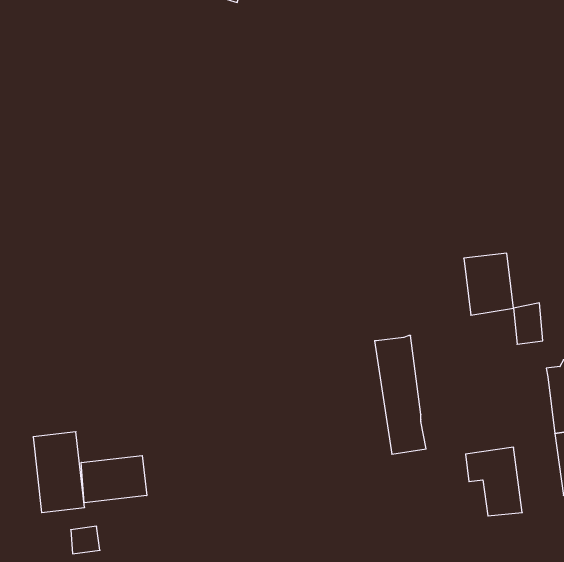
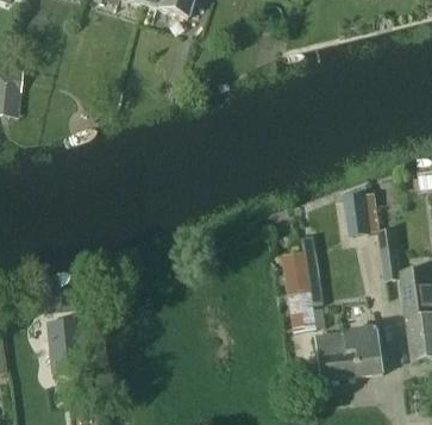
building: none -> [318,330,361,379]
building: [81,456,147,503] -> none

